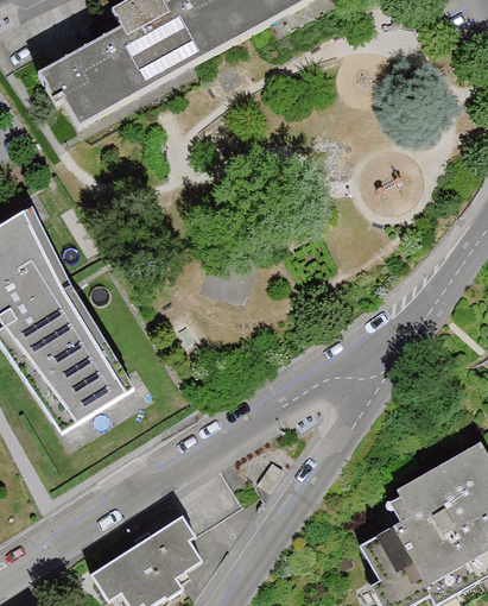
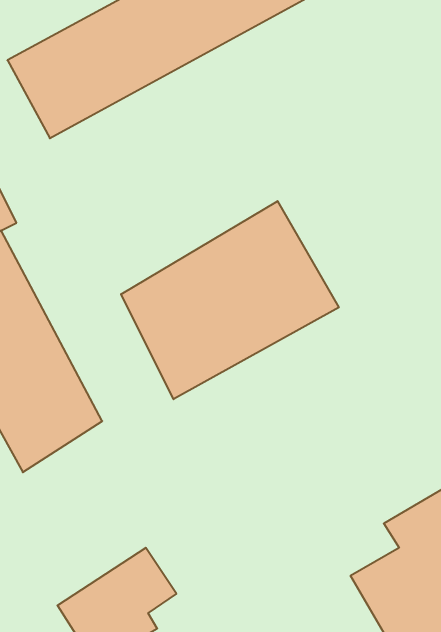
building: none -> [121,201,339,399]

